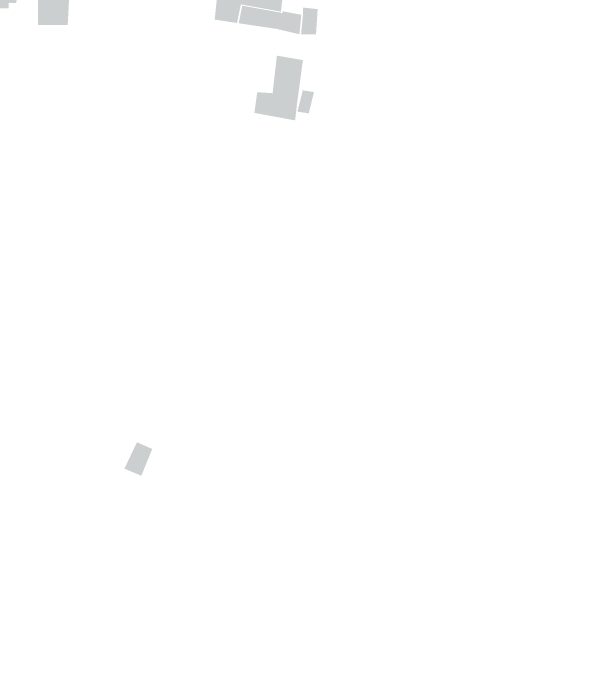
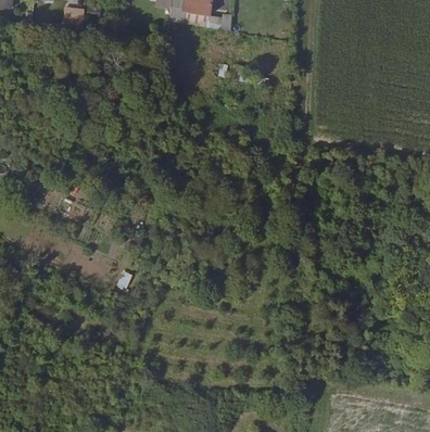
building: [254,55,303,121] -> none

